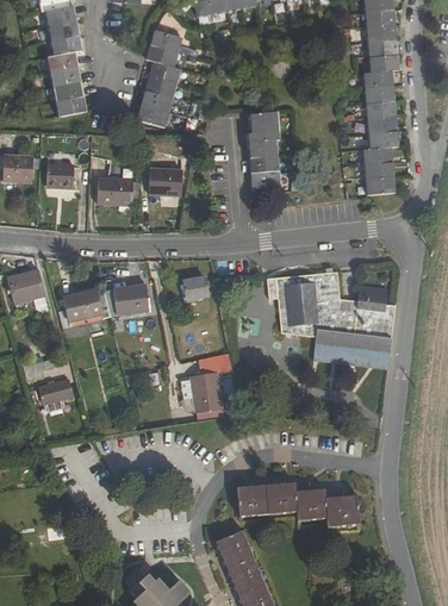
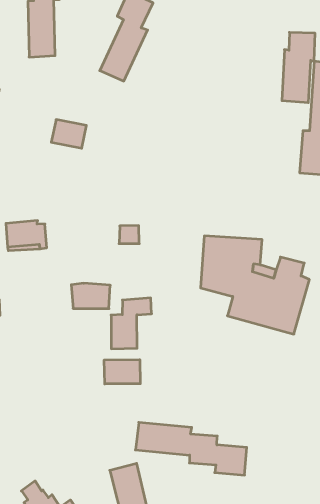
building: [245,111,280,188] -> [282,32,315,103]
building: [45,164,73,188] -> none
building: [148,169,180,195] -> none
building: [104,286,148,317] -> [71,283,110,309]
building: none -> [104,360,140,384]

